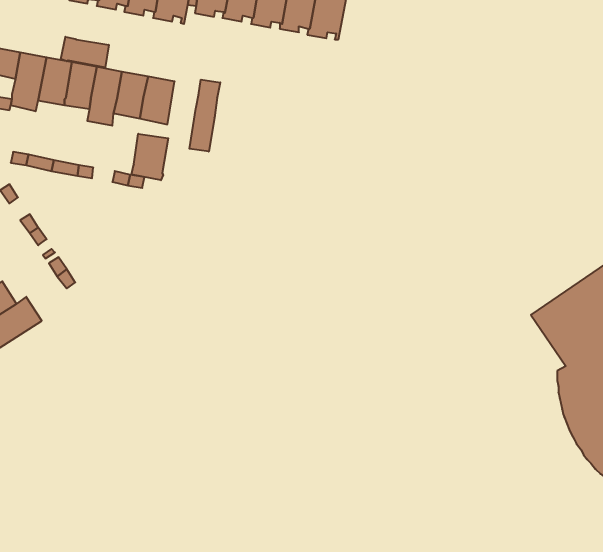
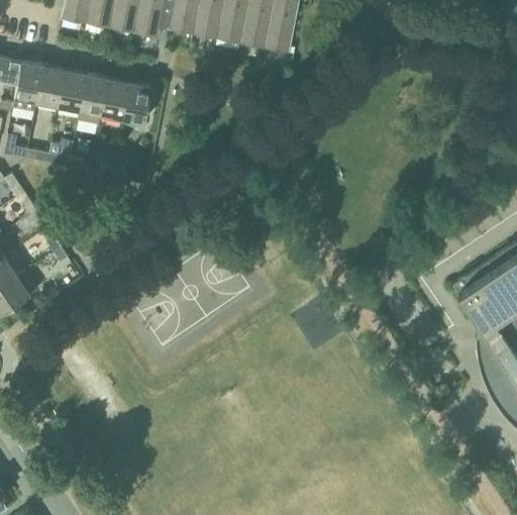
building: [61,37,109,68] -> none
building: [189,80,220,152] -> none
building: [132,134,168,180] -> none

